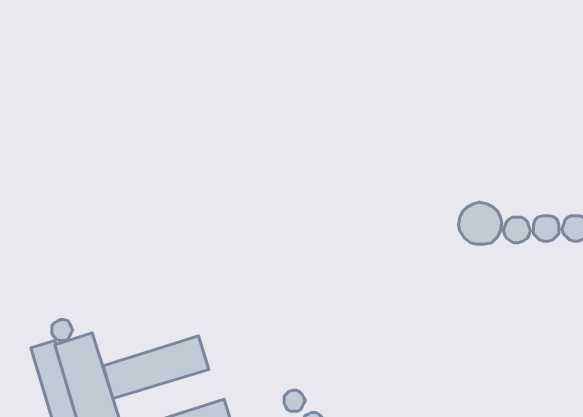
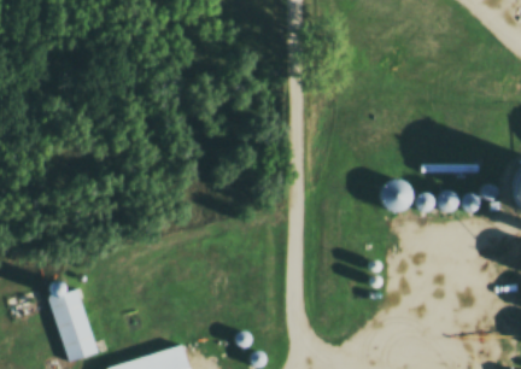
building: [103,336,209,398] -> none

